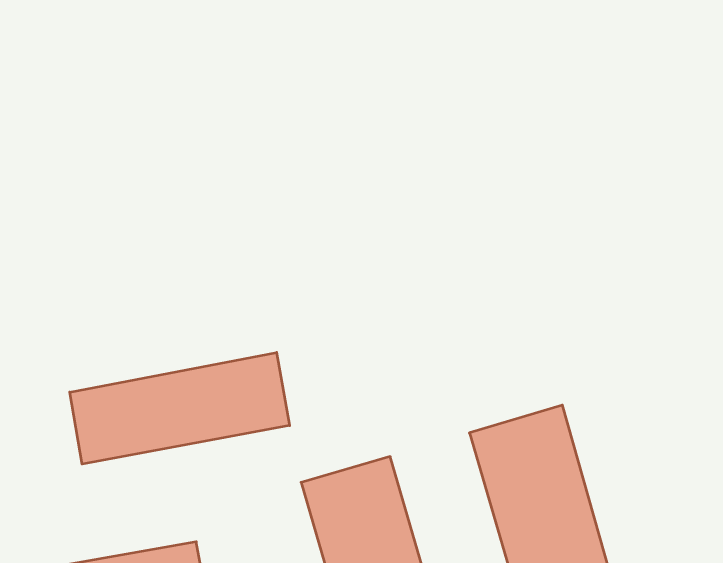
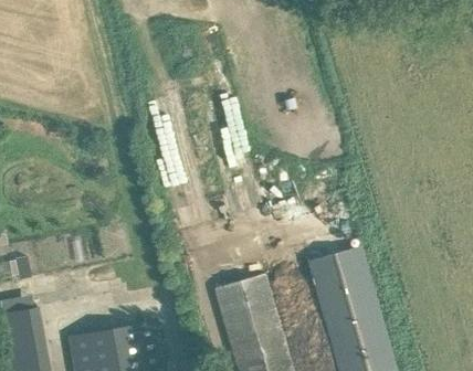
building: [70,352,290,464] -> none

